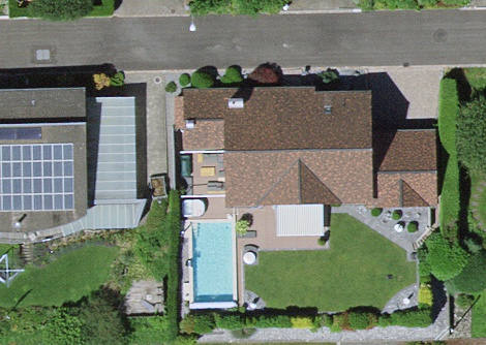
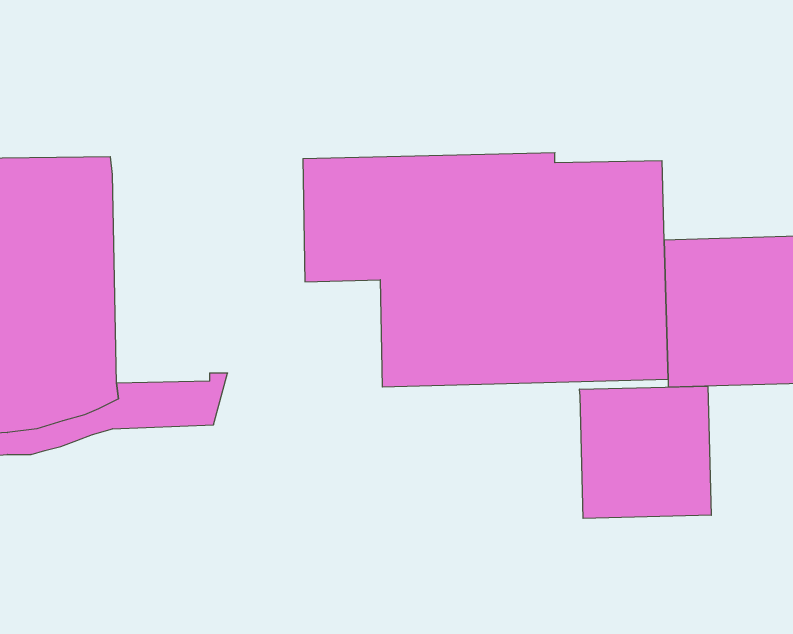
building: [85,96,135,206] -> none
building: none -> [580,386,711,518]

